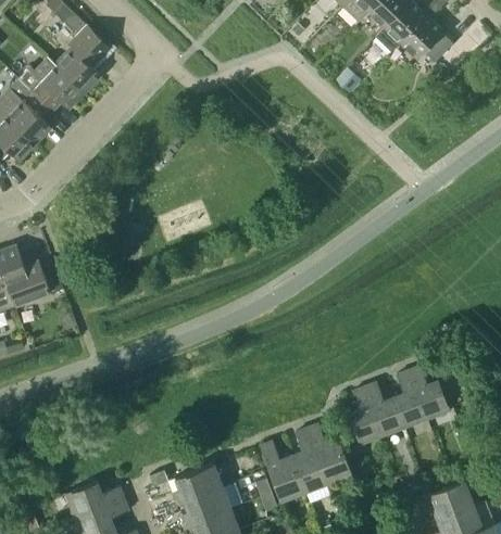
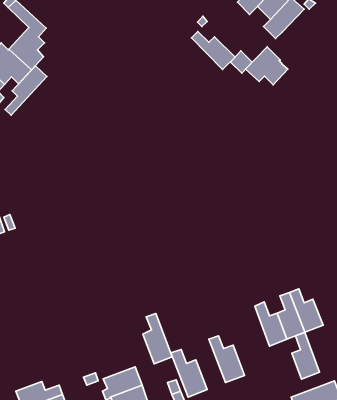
building: [399,14,452,62] -> [245,47,288,85]
building: none -> [191,31,235,70]
building: none -> [5,66,47,115]
building: [348,386,383,445] -> [292,332,320,379]
building: [290,428,327,491] -> [143,313,172,364]

